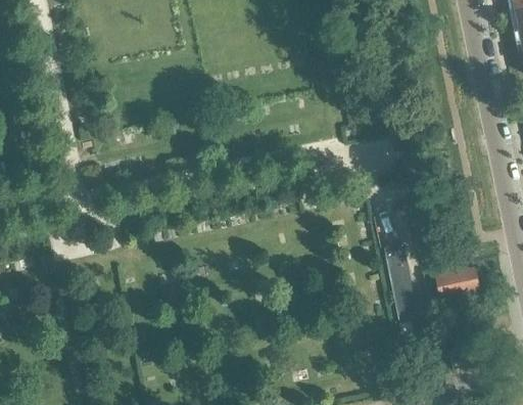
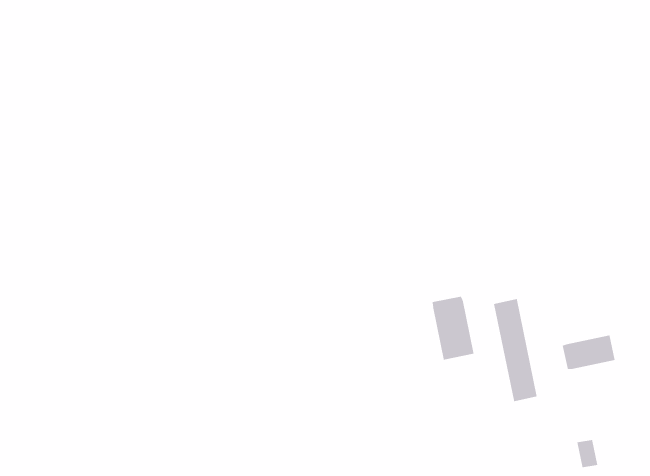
building: none -> [432,296,474,360]

